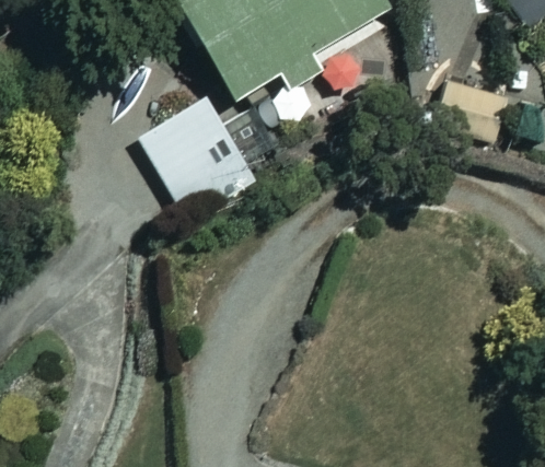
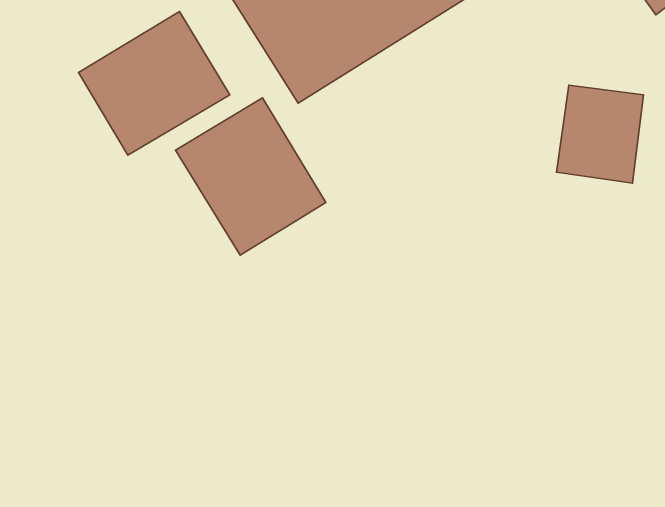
building: none -> [79,12,230,155]

